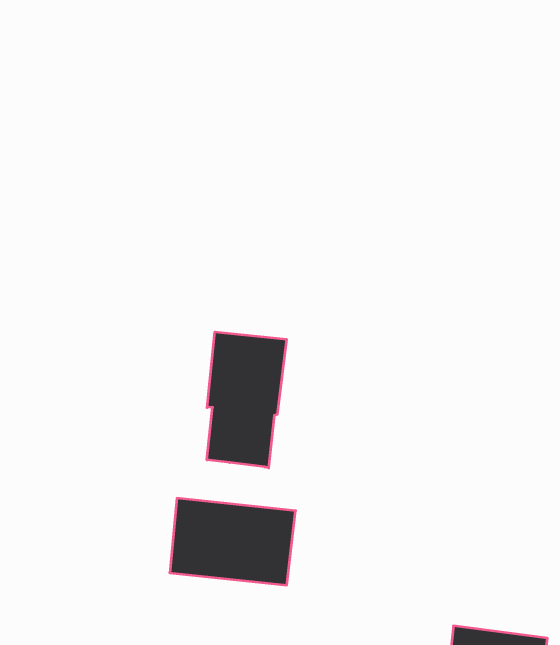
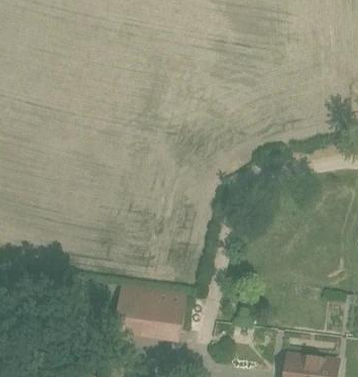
building: [207,332,286,468] -> none

